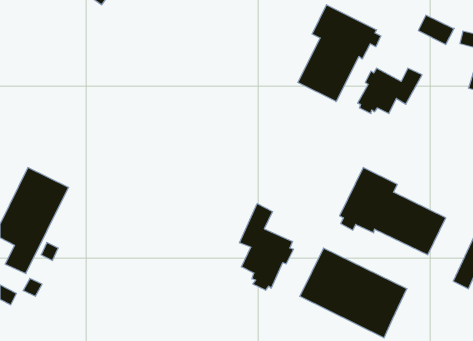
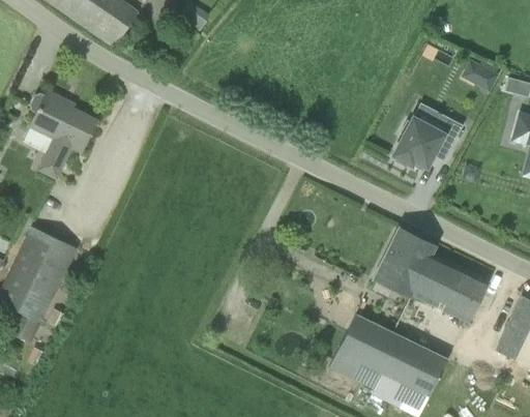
building: [298,5,381,102] -> none
building: none -> [30,91,96,176]
building: [240,204,293,290] -> none

